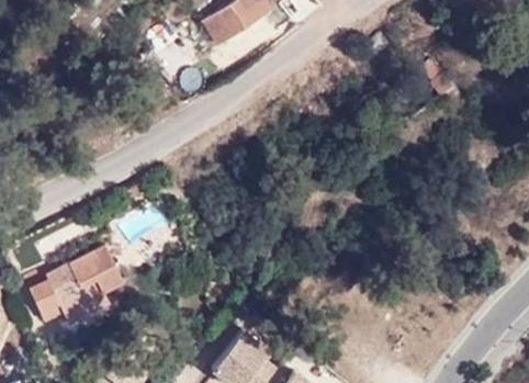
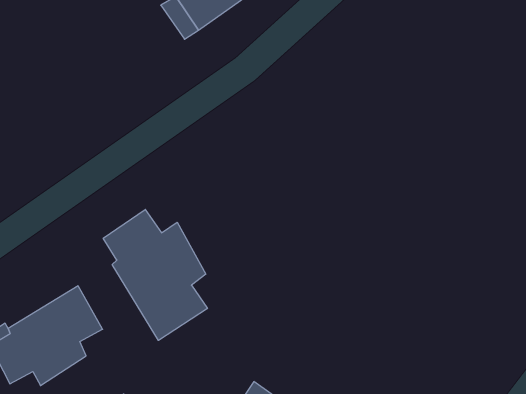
building: none -> [103,209,207,340]

